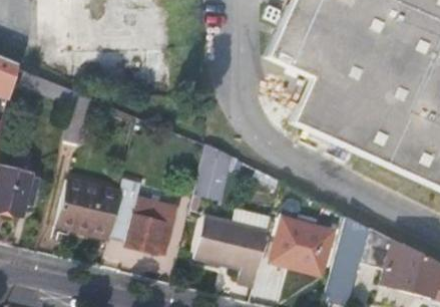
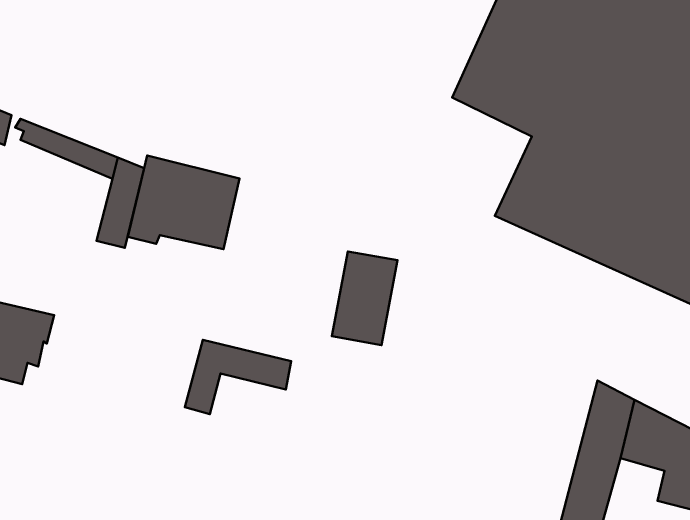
building: [58,178,121,231] -> [128,156,239,249]
building: [127,213,172,253] -> none
building: [195,215,269,279] -> none
building: [274,219,332,274] -> none

